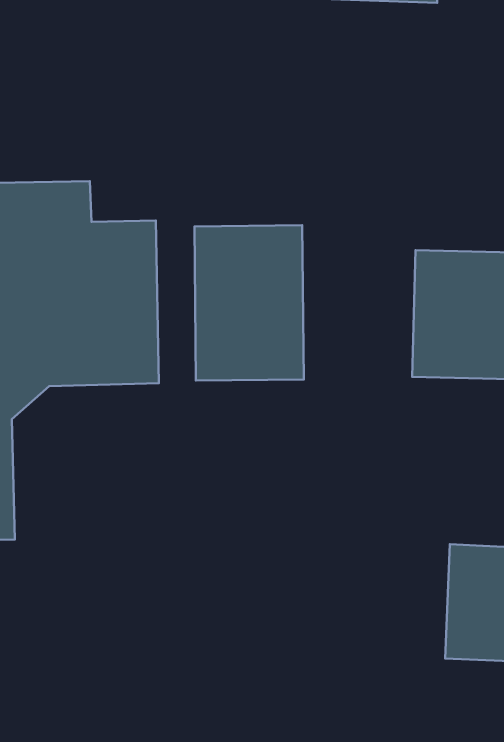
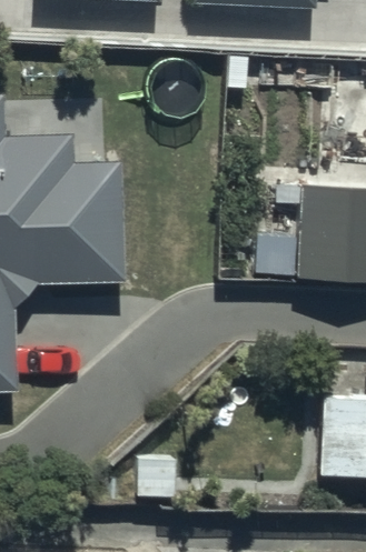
building: [194,225,304,381] -> none

